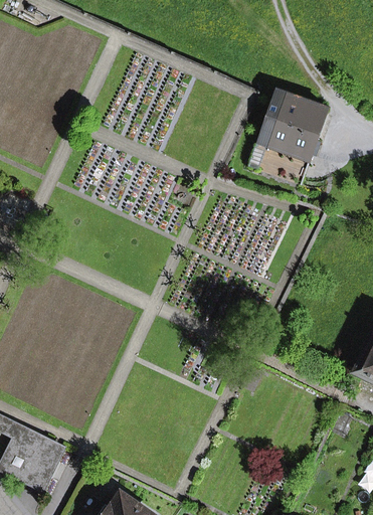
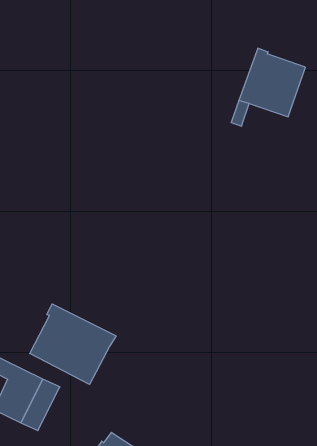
building: none -> [30,304,116,384]

